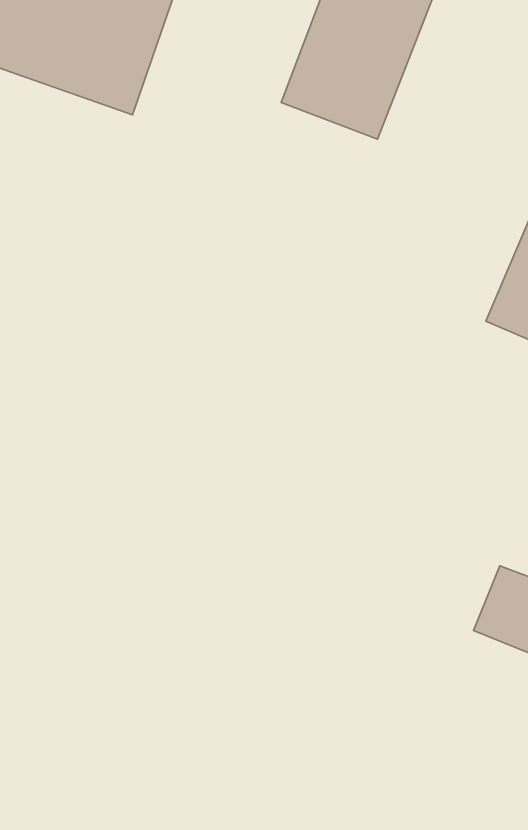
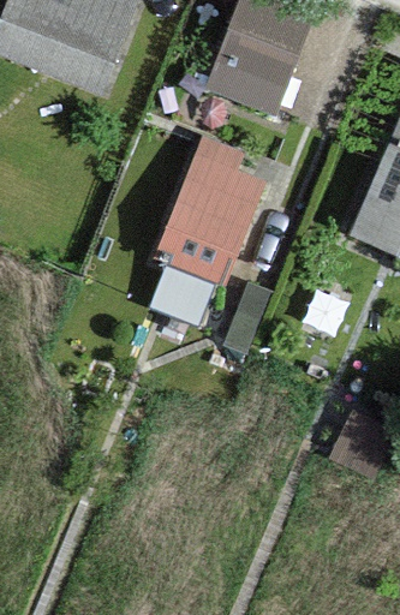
building: none -> [157,147,267,286]

